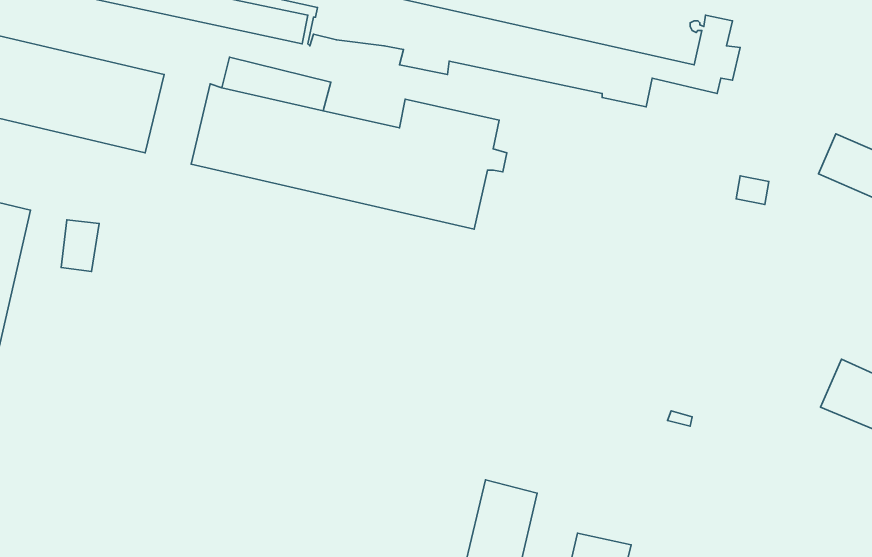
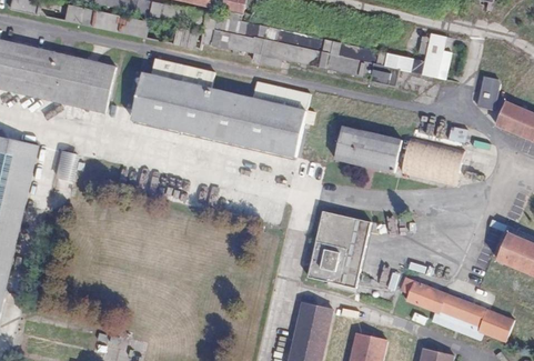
building: none -> [476,76,501,110]
building: none -> [334,127,402,172]
building: none -> [309,211,371,294]
building: none -> [400,277,515,342]

